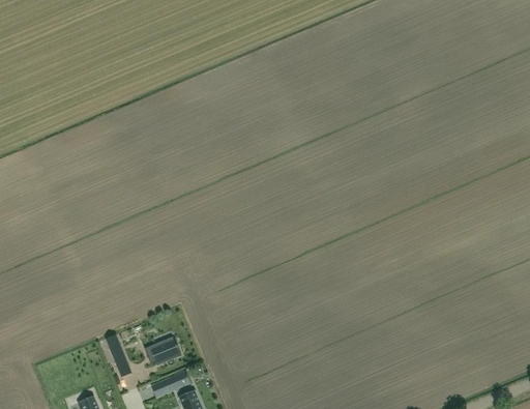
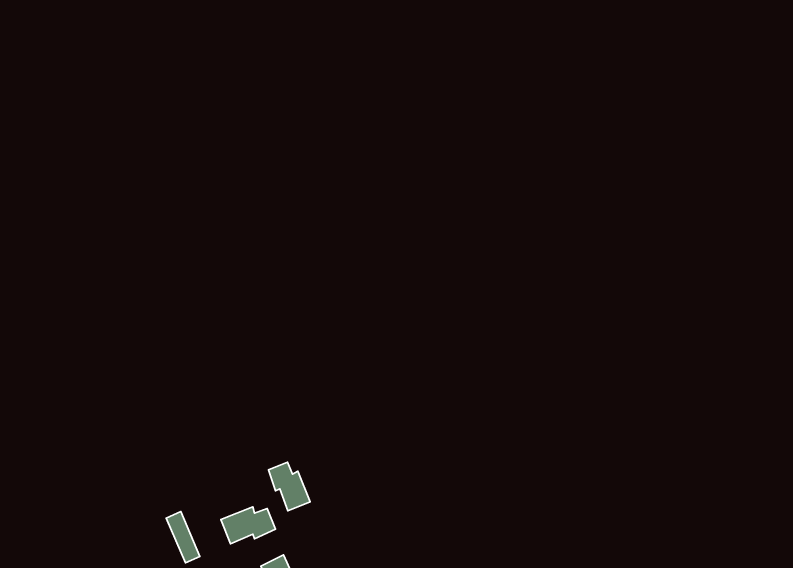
building: none -> [268,462,310,511]

